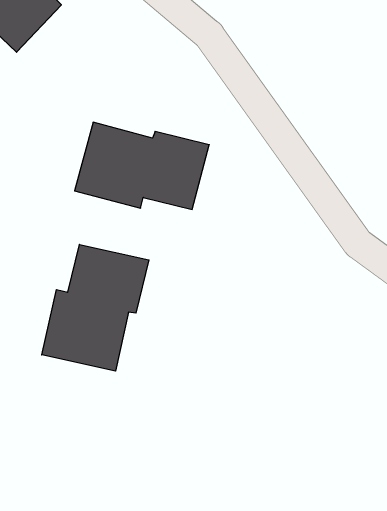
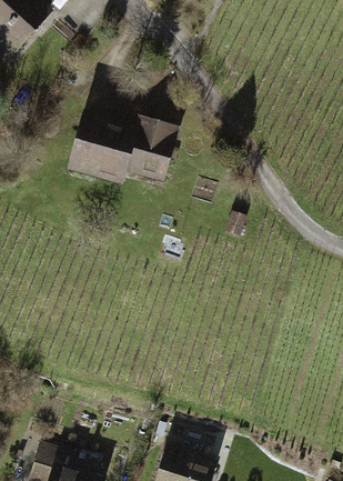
building: [42,244,149,371] -> none

